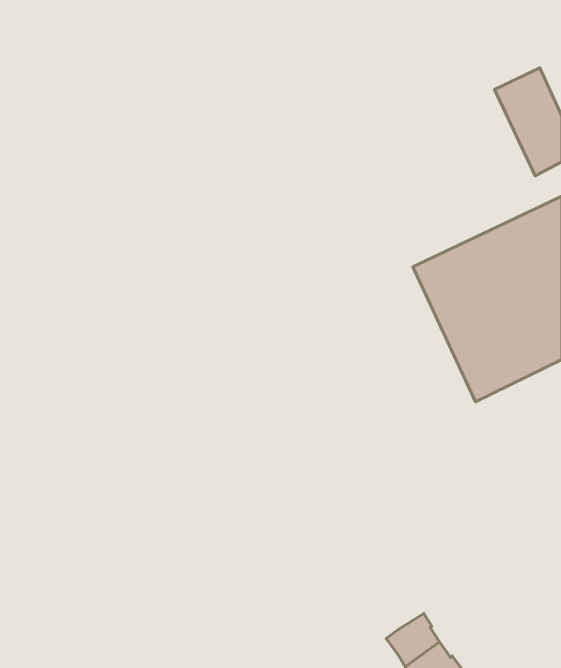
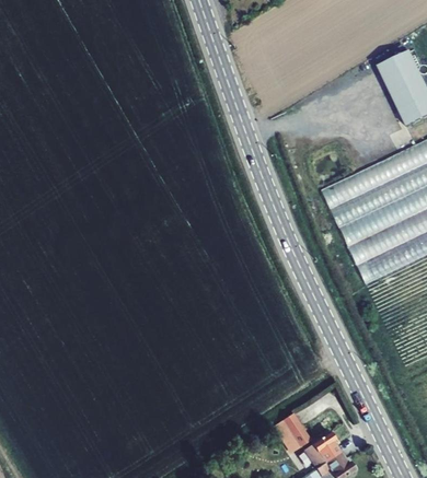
building: none -> [274,412,311,452]

